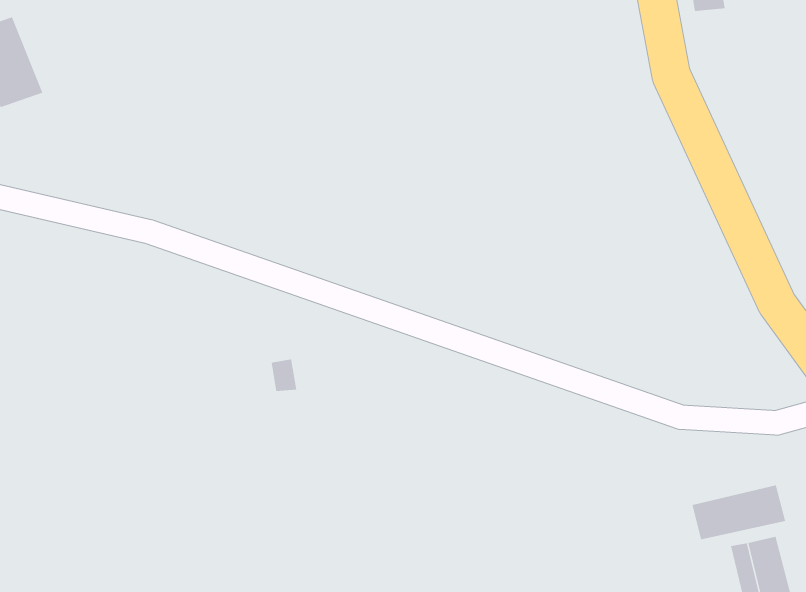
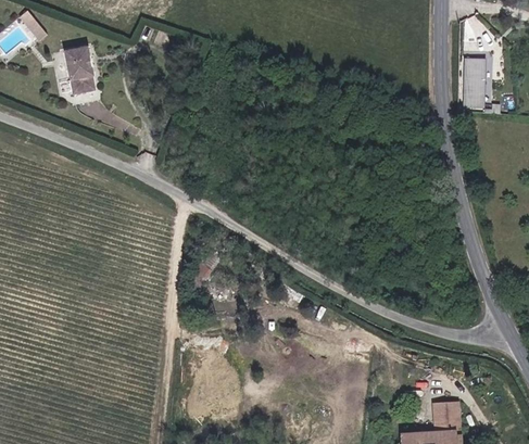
building: [692,485,786,540] -> none

